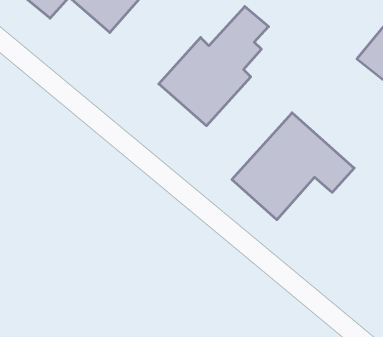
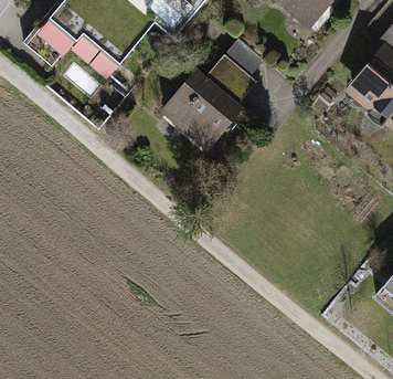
building: [232,113,354,220] -> none

